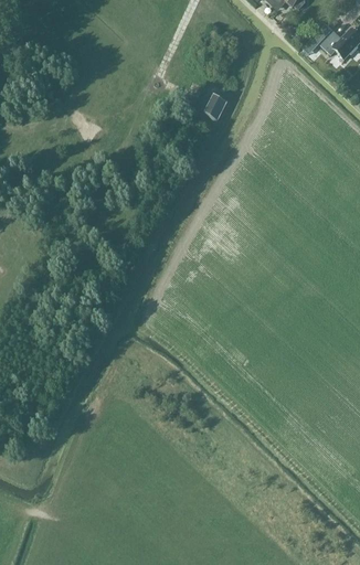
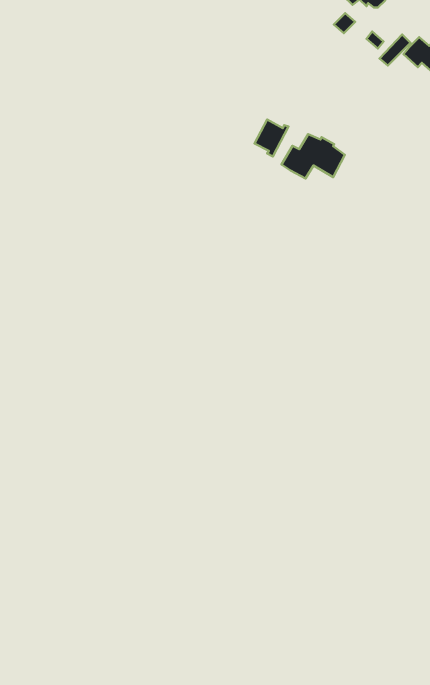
building: none -> [281,134,345,178]

